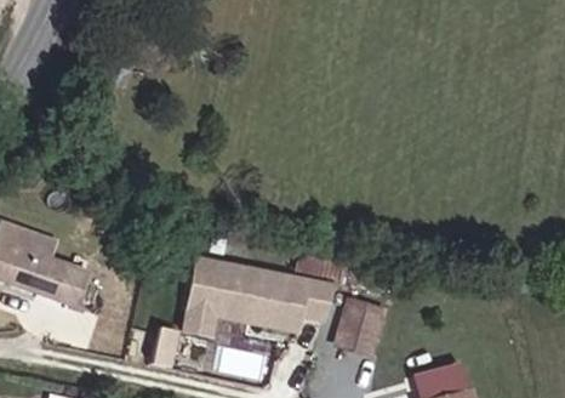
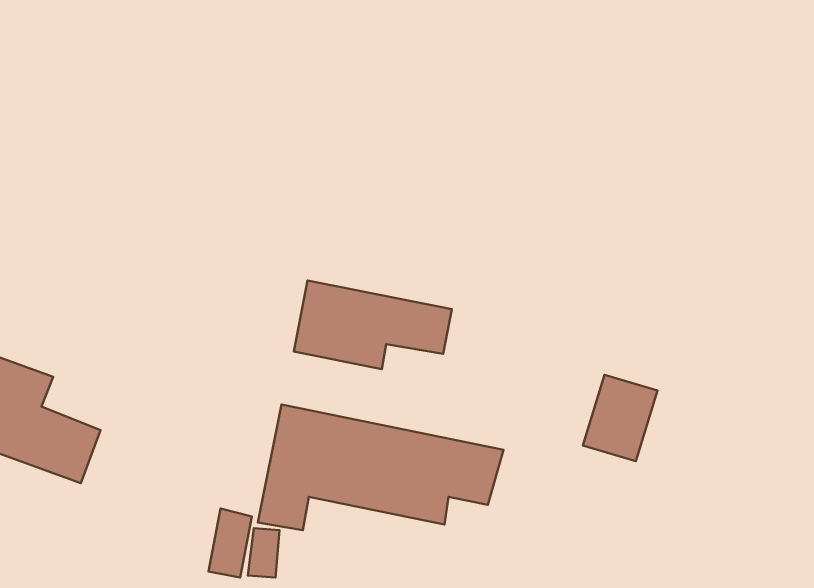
building: none -> [294,281,452,369]
building: [336,298,382,352] -> [583,375,658,461]

